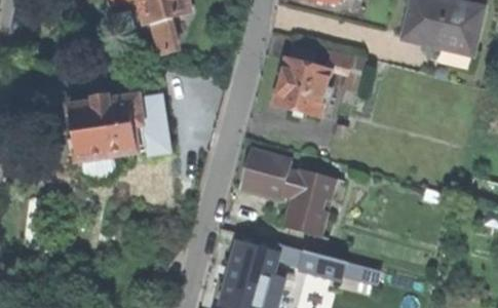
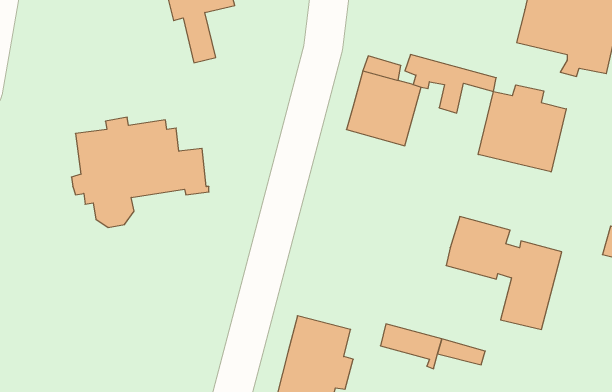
building: none -> [478,85,566,172]
building: [242,150,330,235] -> [446,217,562,329]

